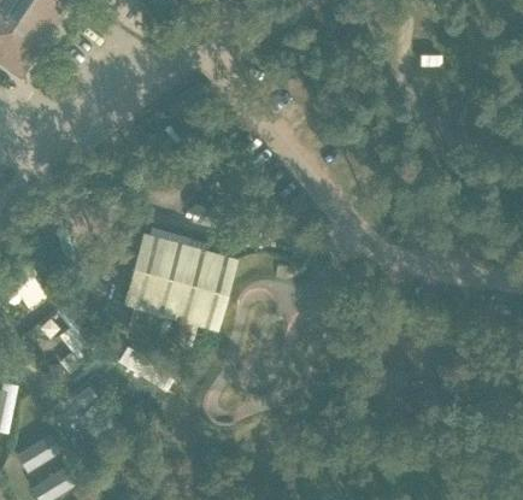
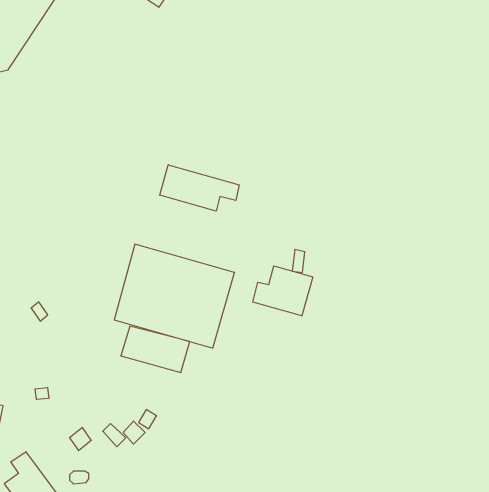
building: none -> [160,165,239,211]
building: none -> [253,266,313,316]

